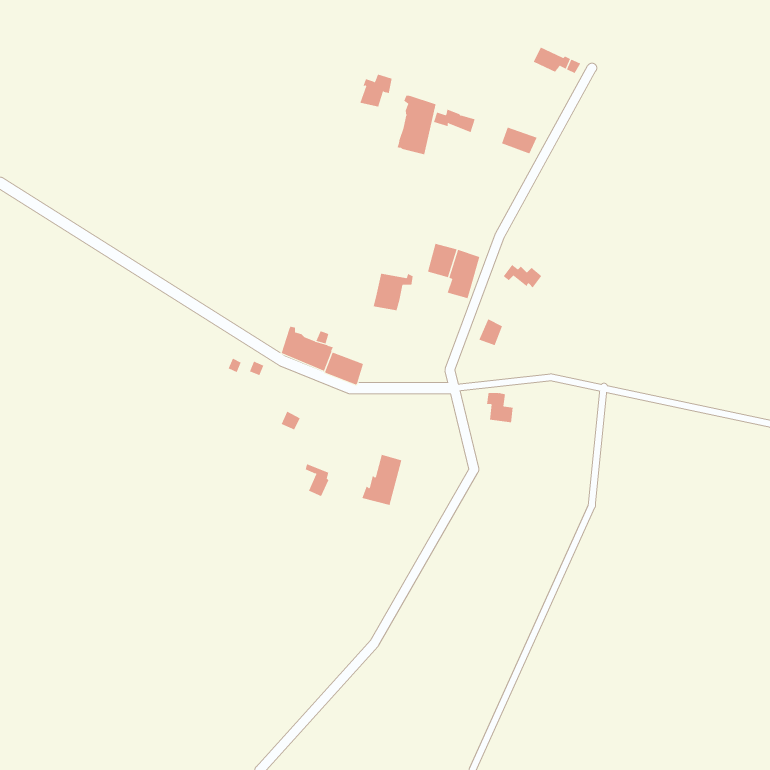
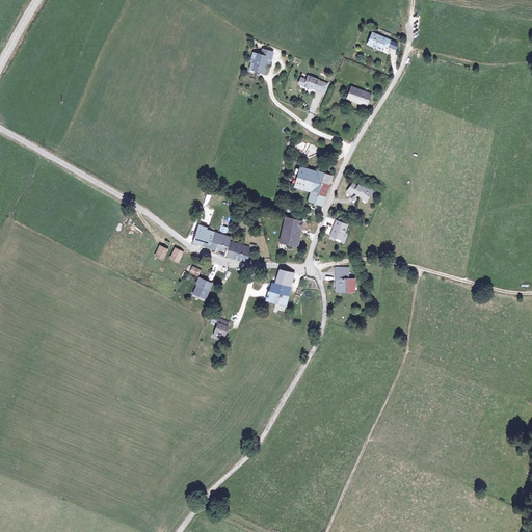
building: [397,95,436,155] -> none
building: [373,273,414,311] -> [280,218,308,244]
building: [362,454,402,506] -> [266,269,294,304]

